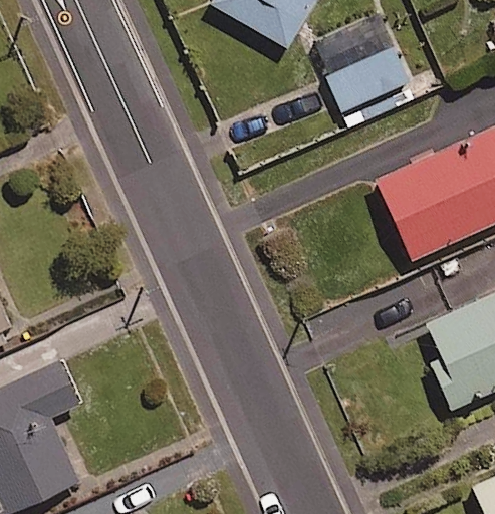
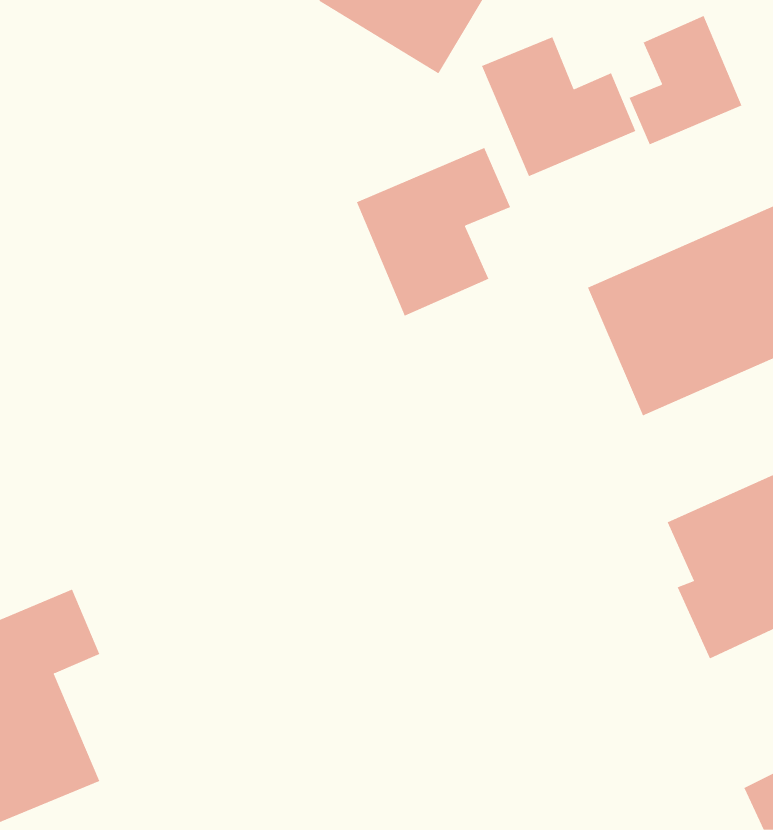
building: none -> [629,15,742,145]
building: none -> [356,147,511,316]

